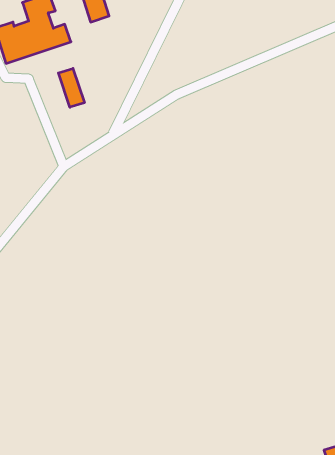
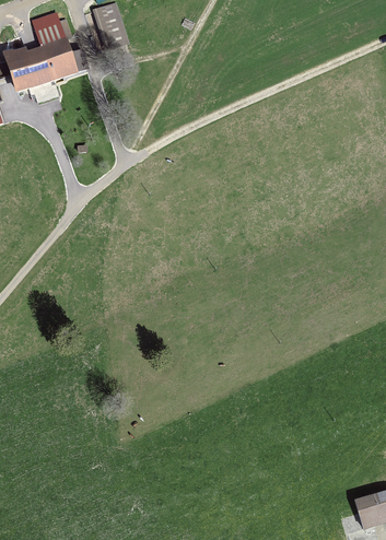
building: [58,68,84,107] -> none

